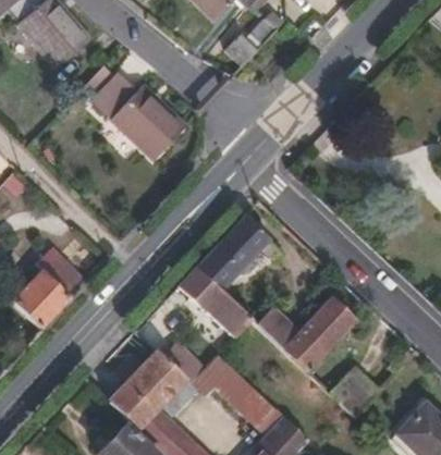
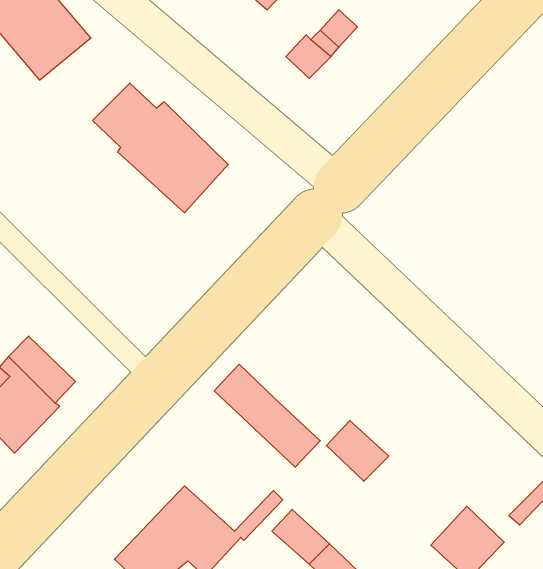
building: [196,217,283,291] -> none
building: [283,297,355,369] -> none

